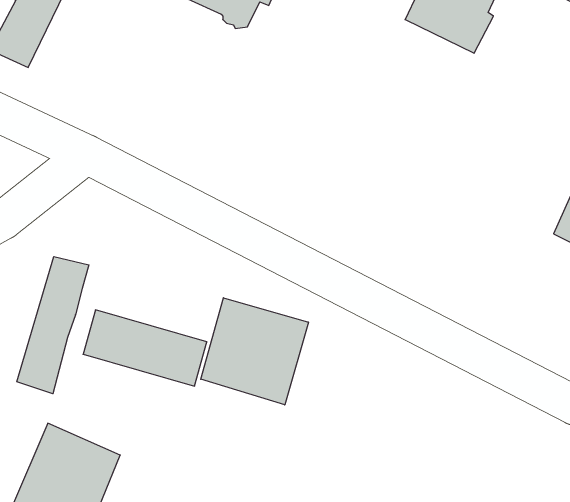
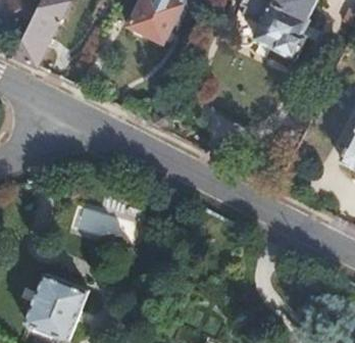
building: [17,257,89,394] -> none
building: [201,298,308,405] -> none

